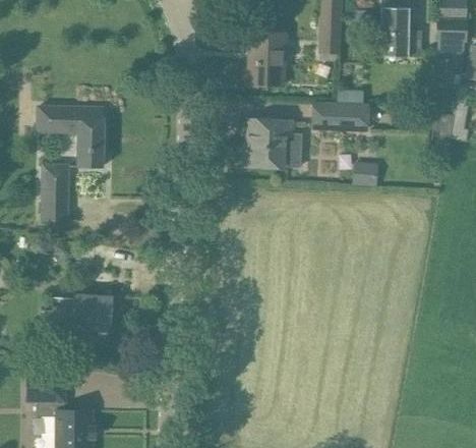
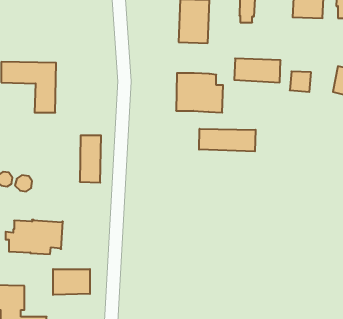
building: [353,162,378,186] -> [290,71,311,92]
building: [42,165,67,221] -> [80,135,101,183]
building: none -> [199,129,256,151]
building: none -> [53,269,90,295]

